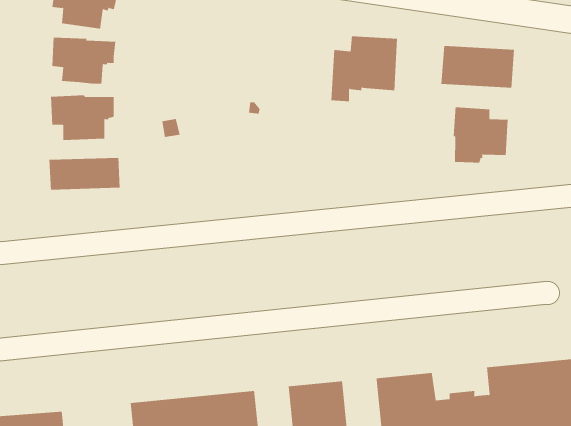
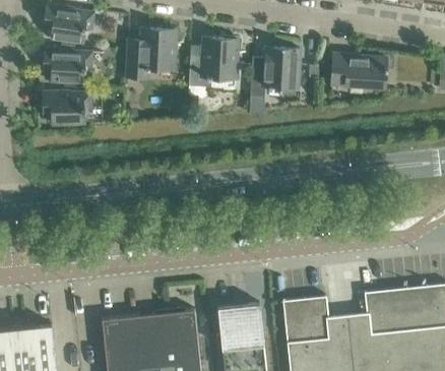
building: none -> [126,28,176,77]
building: none -> [188,38,238,86]
building: [453,107,508,163] -> none
building: [49,157,120,190] -> none

